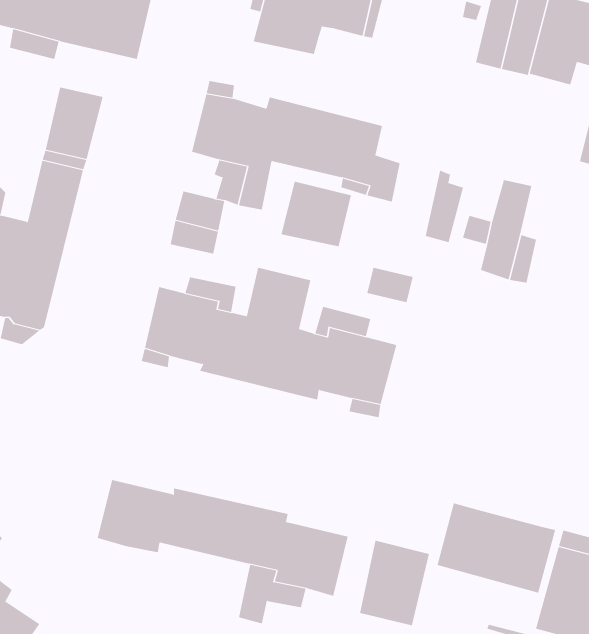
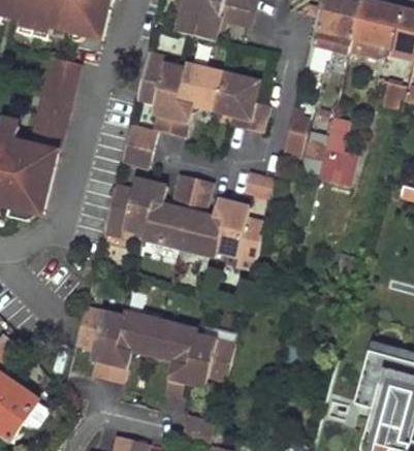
building: [281,181,352,247] -> none
building: [437,503,556,594] -> none
building: [360,540,429,626] -> none
building: none -> [91,348,133,385]

